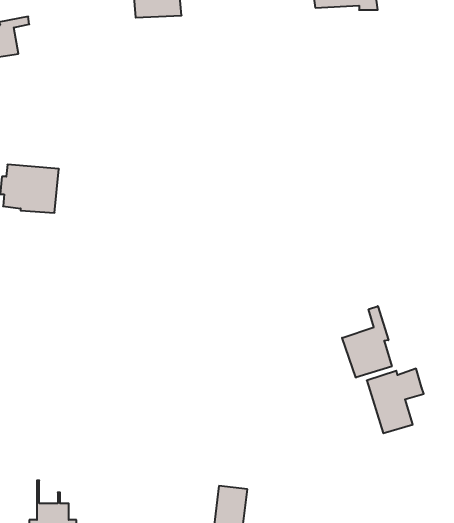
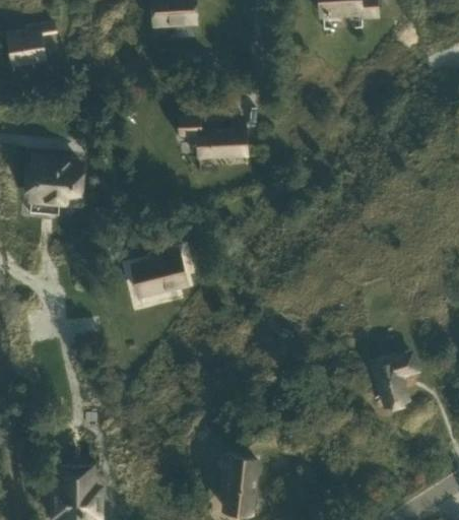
building: none -> [180,120,248,158]
building: none -> [133,253,188,298]
building: [342,306,392,378] -> none

